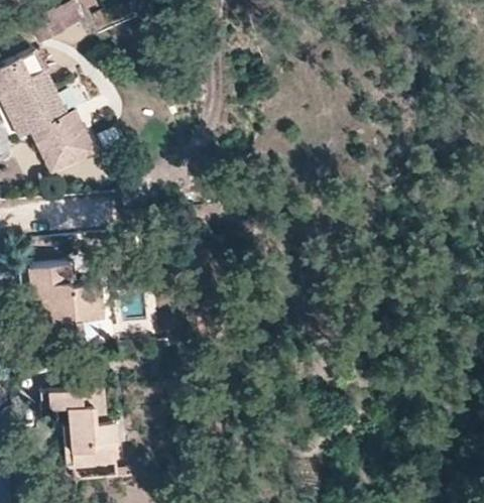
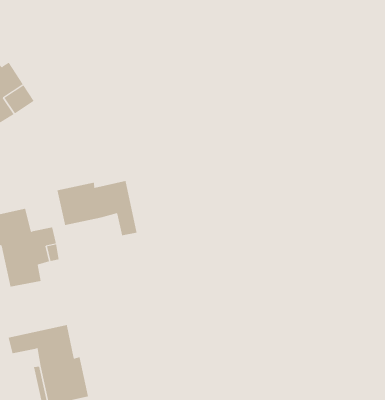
building: none -> [57,180,137,236]

